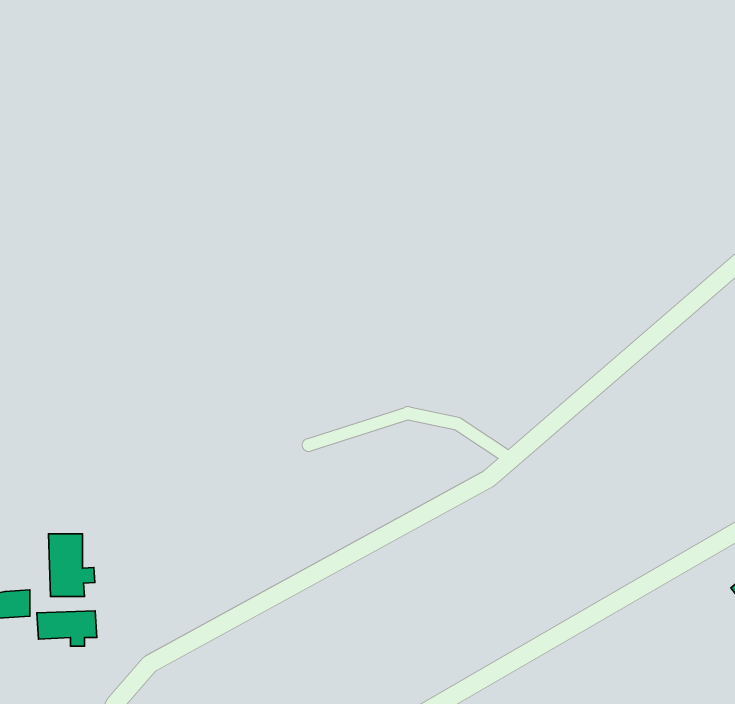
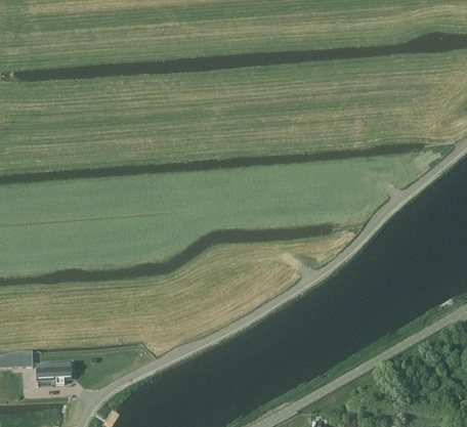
building: [49,534,95,597] -> none

